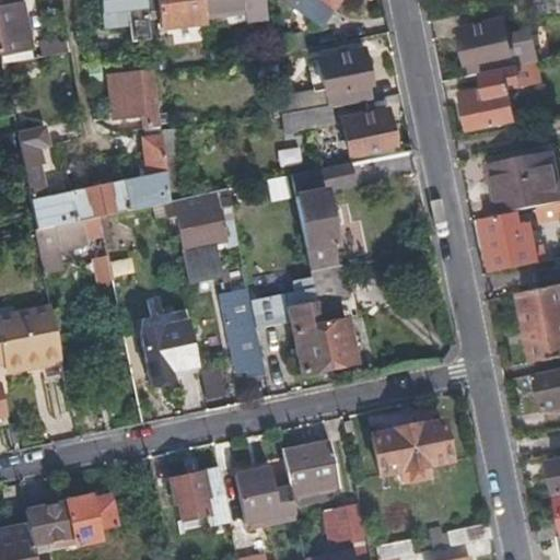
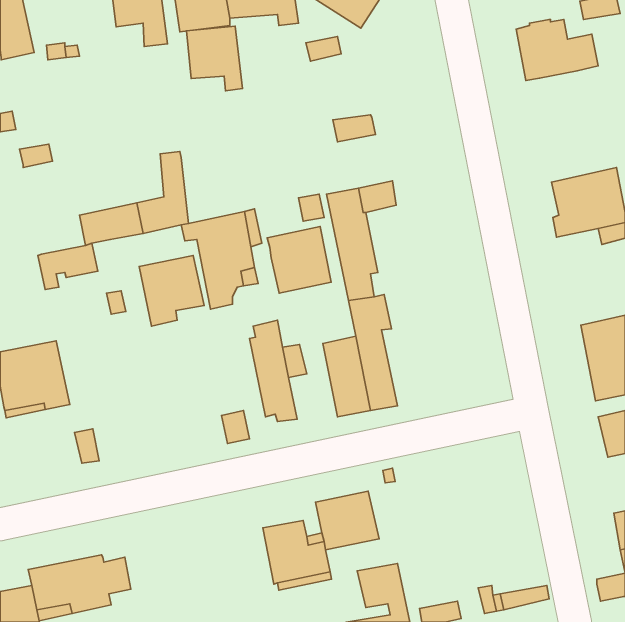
building: [319,49,373,103] -> none
building: [463,63,520,128] -> none
building: [109,70,160,128] -> [186,26,243,91]
building: [343,110,396,153] -> none
building: [25,170,77,228] -> none
building: none -> [267,226,331,293]
building: [483,211,530,268] -> none
building: [139,320,197,384] -> [139,255,204,326]
building: [366,421,445,483] -> none
building: [171,469,230,524] -> none

